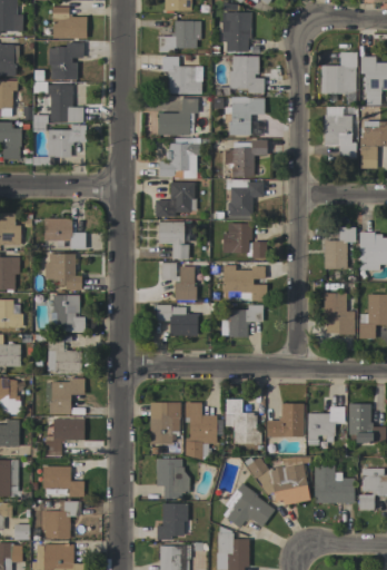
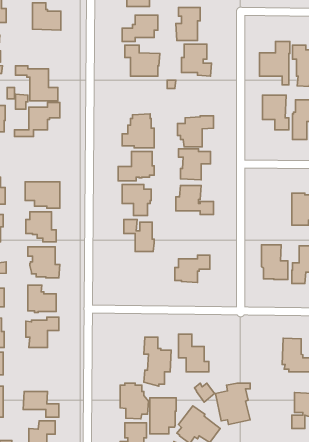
building: [50,42,83,80] -> none
building: [229,96,265,135] -> none
building: [159,98,198,135] -> none
building: [325,227,356,268] -> none
building: [221,265,265,301] -> none
building: [156,304,198,336] -> none
building: [150,402,181,444] -> [150,398,176,434]
building: [267,403,304,436] -> none
building: [308,406,345,445] -> none
building: [46,419,85,455] -> none
building: [314,465,355,503] -> none

